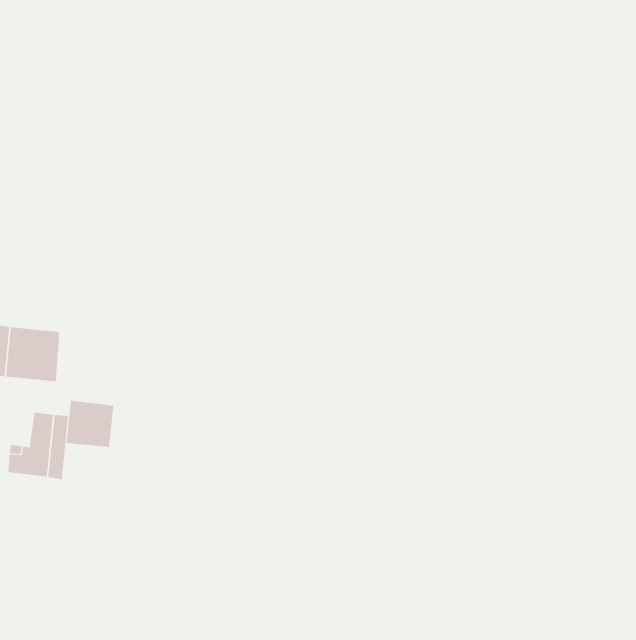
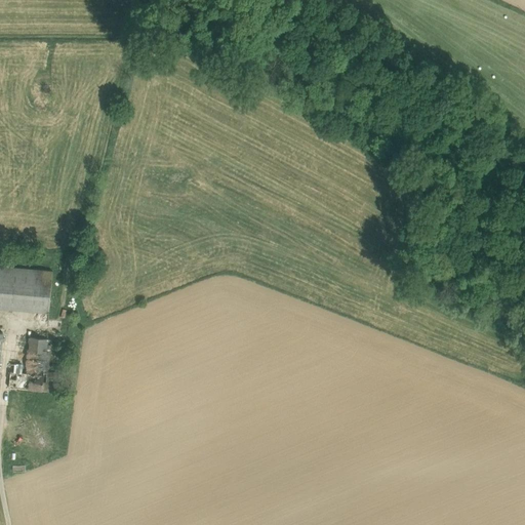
building: [66,400,114,448] -> none

